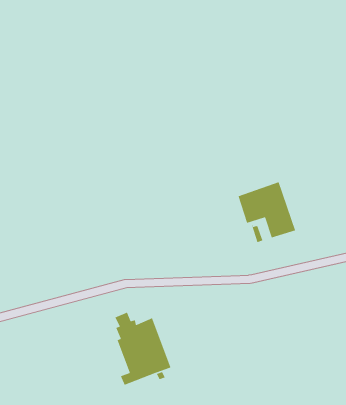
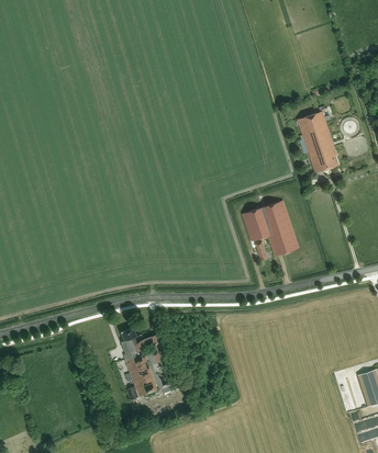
building: none -> [297,112,338,174]

